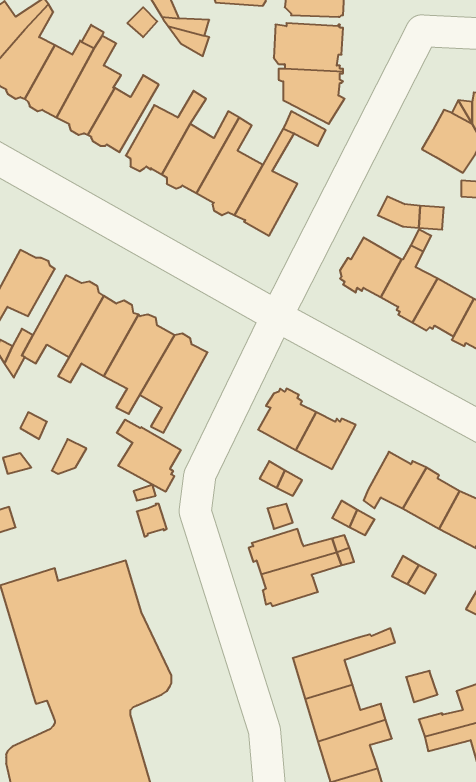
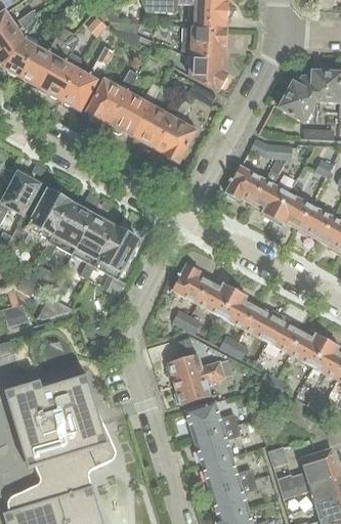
building: [117,420,181,492] -> none
building: none -> [219,286,256,328]
building: none -> [184,400,237,437]

